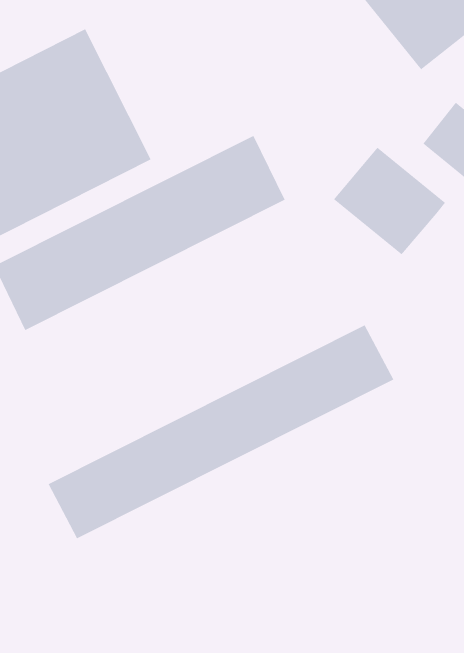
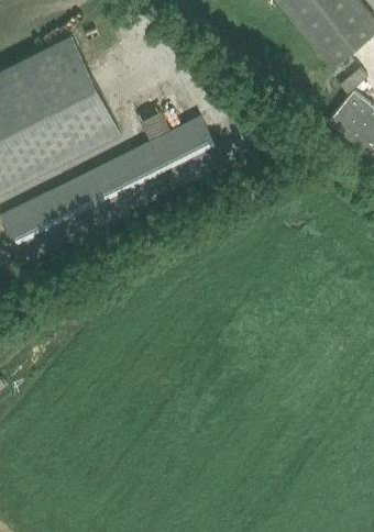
building: [333,147,446,255] -> none
building: [48,324,394,539] -> none

